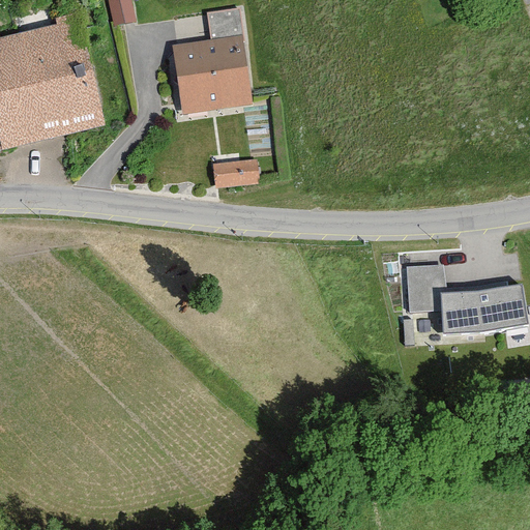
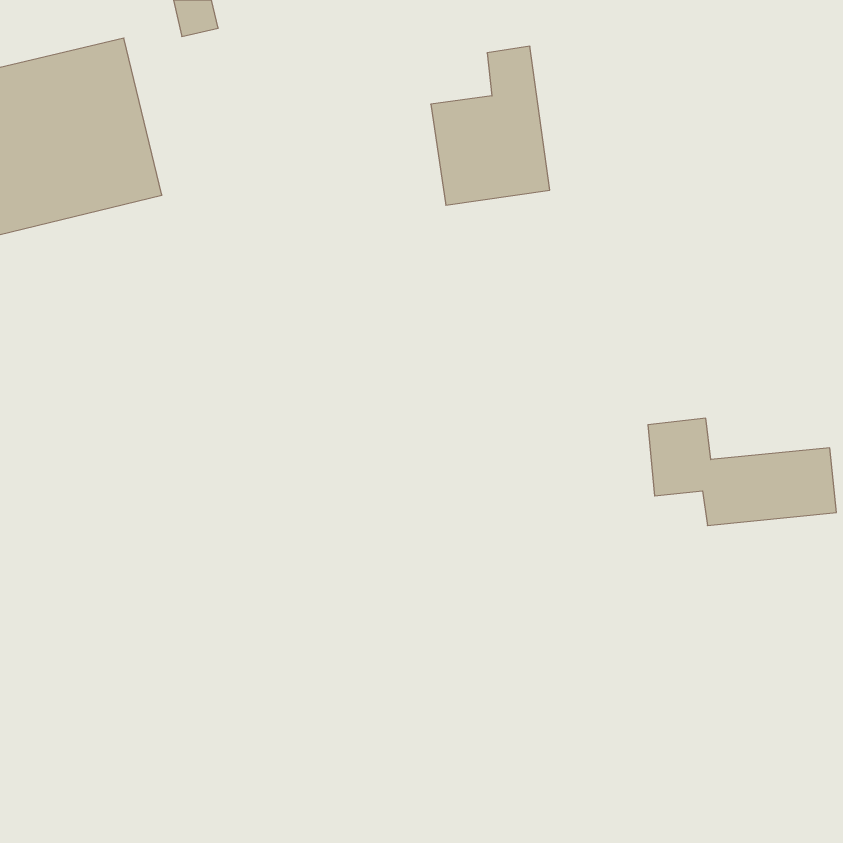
building: [174,12,248,112] -> [431,46,550,205]
building: [215,163,257,187] -> none

